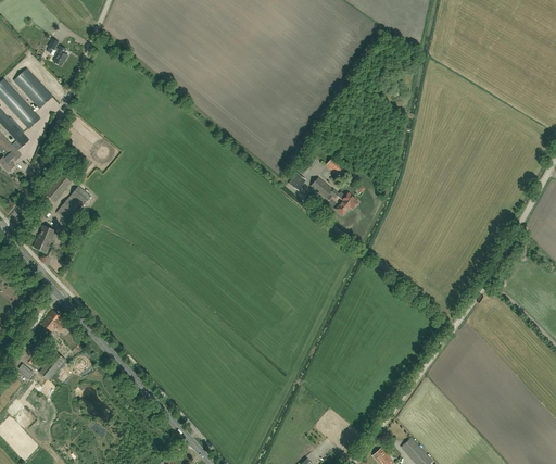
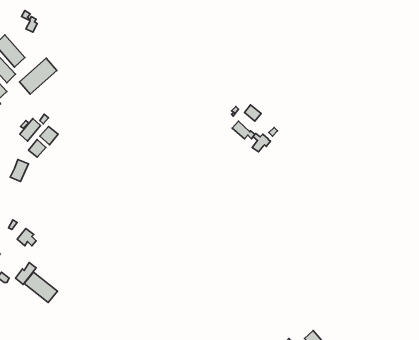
building: none -> [19,58,57,94]
building: none -> [24,272,57,303]

